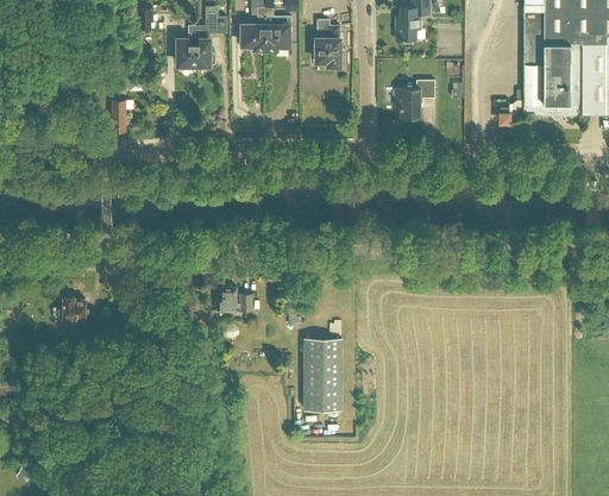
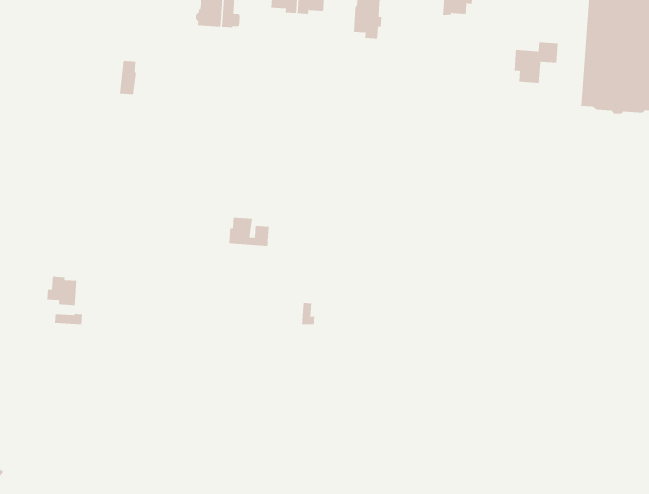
building: [396,81,434,118] -> [514,42,558,83]
building: [216,288,252,312] -> [228,217,270,246]
building: [304,339,341,410] -> none

